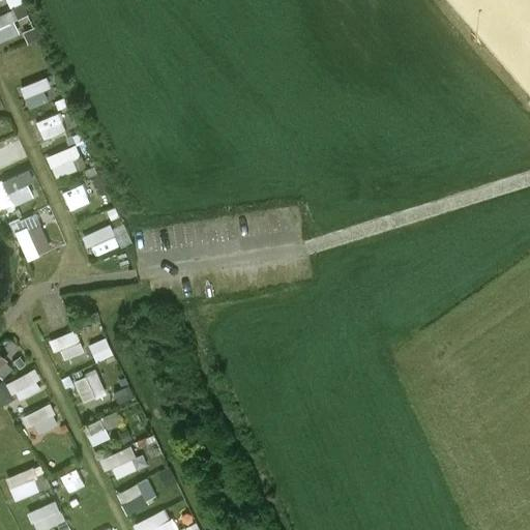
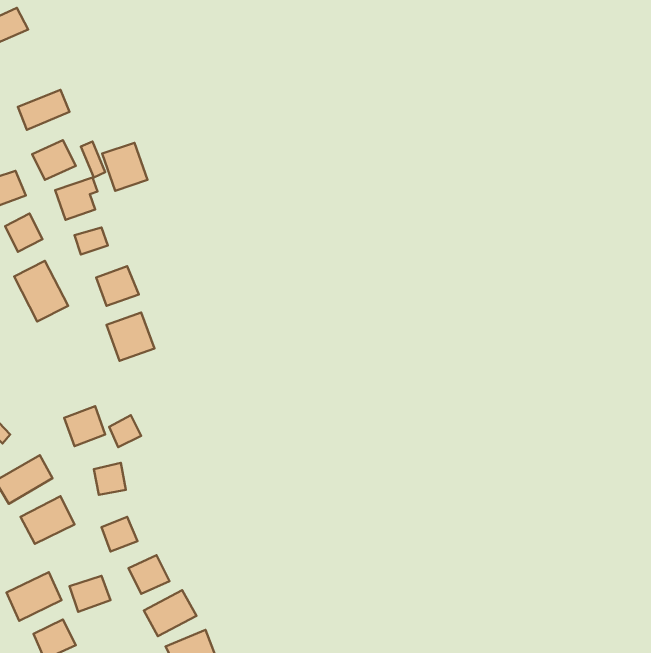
building: none -> [102,143,147,191]
building: none -> [106,312,154,361]

